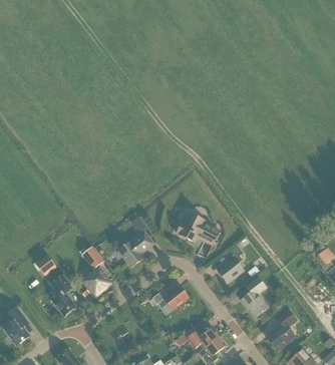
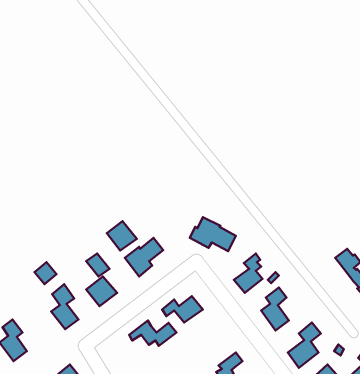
building: none -> [107,221,137,250]
building: [177,326,220,349] -> [129,321,176,346]

